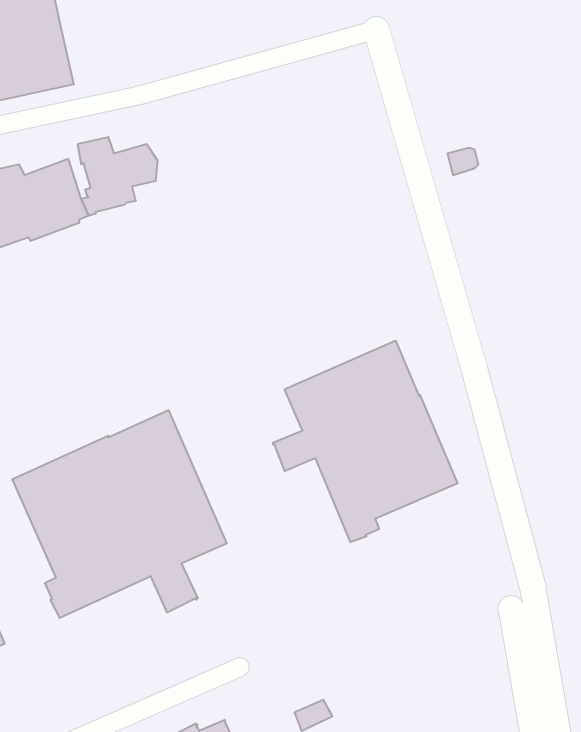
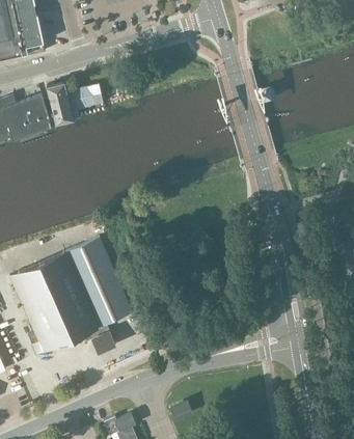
building: [273,341,458,542] -> none

